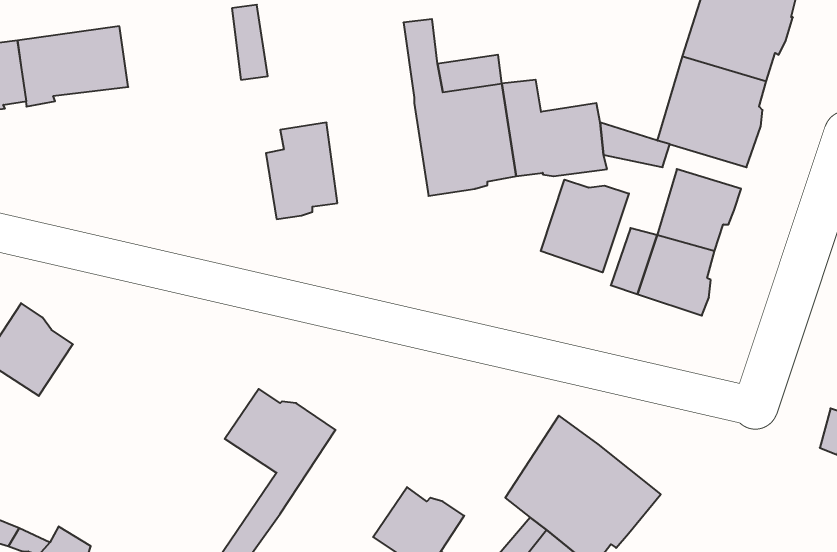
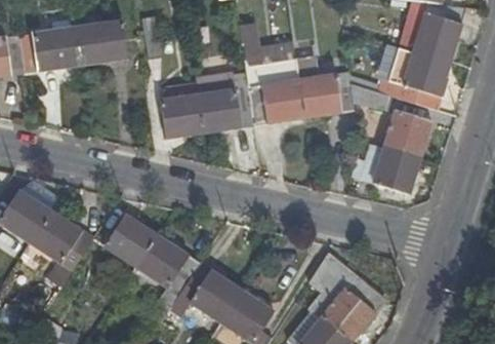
building: none -> [77,23,128,64]
building: none -> [195,72,254,130]
building: [541,180,629,272] -> none
building: none -> [31,212,95,288]
building: none -> [105,212,157,266]
building: none -> [169,261,242,322]

